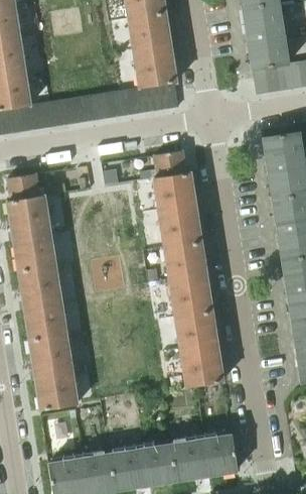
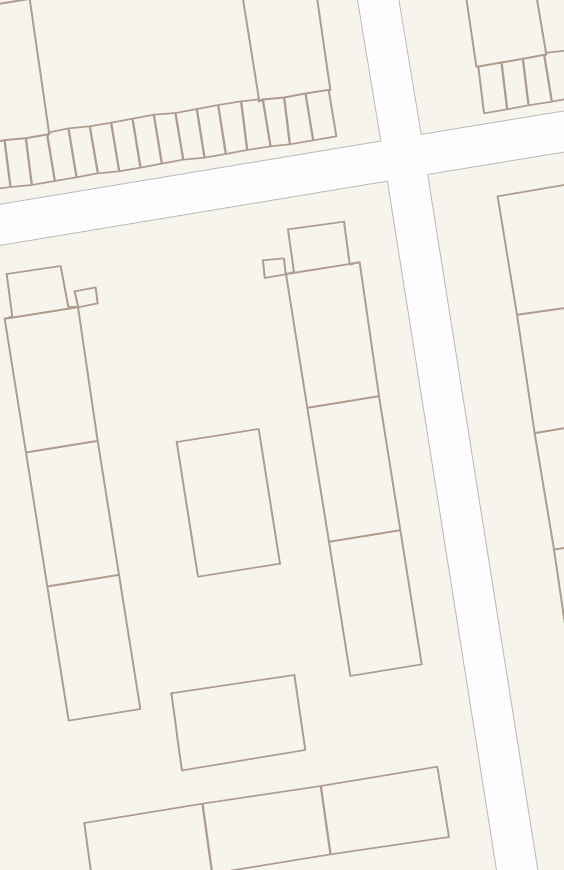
building: none -> [177,429,280,577]
building: none -> [171,675,305,771]

